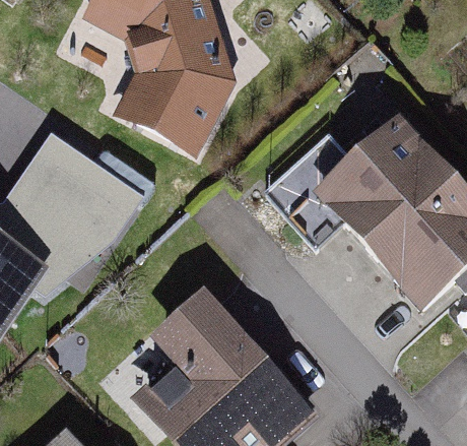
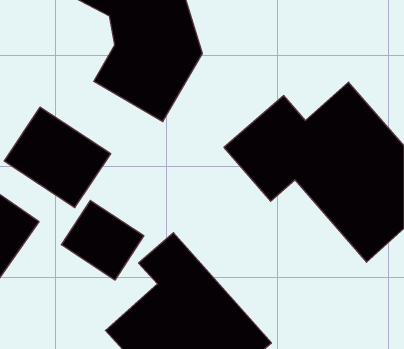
building: none -> [61,200,144,280]

